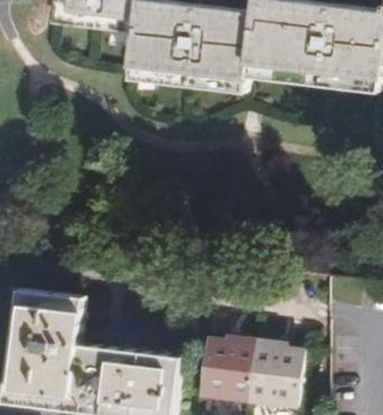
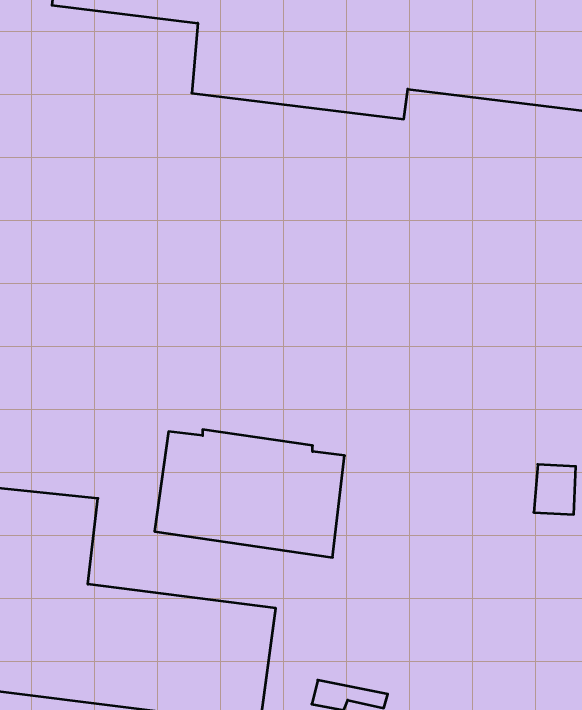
building: [193,336,299,407] -> [155,430,345,557]

